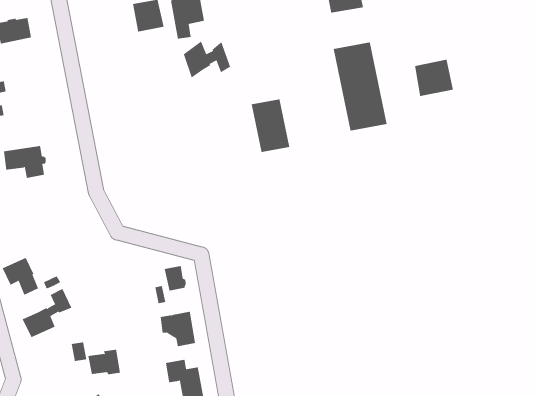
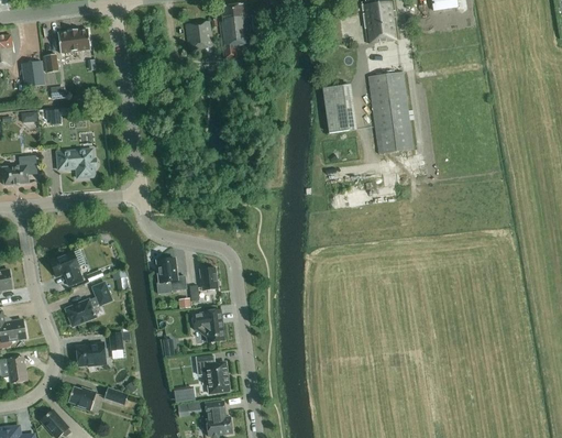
building: [183,40,231,79] -> none
building: [414,59,453,97] -> none
building: [251,99,290,153] -> [322,84,356,132]
building: none -> [157,258,186,291]
building: [87,349,121,375] -> [76,342,106,365]

